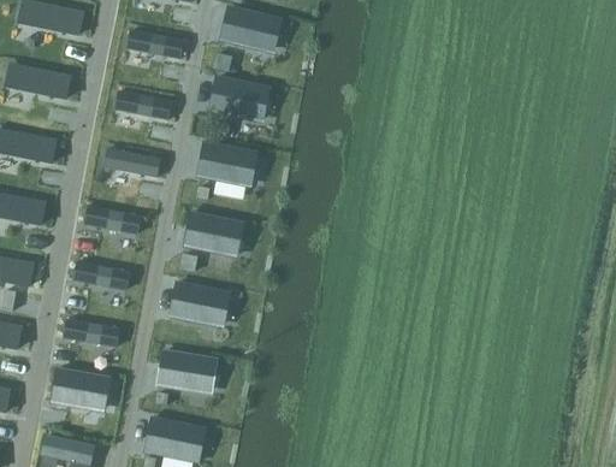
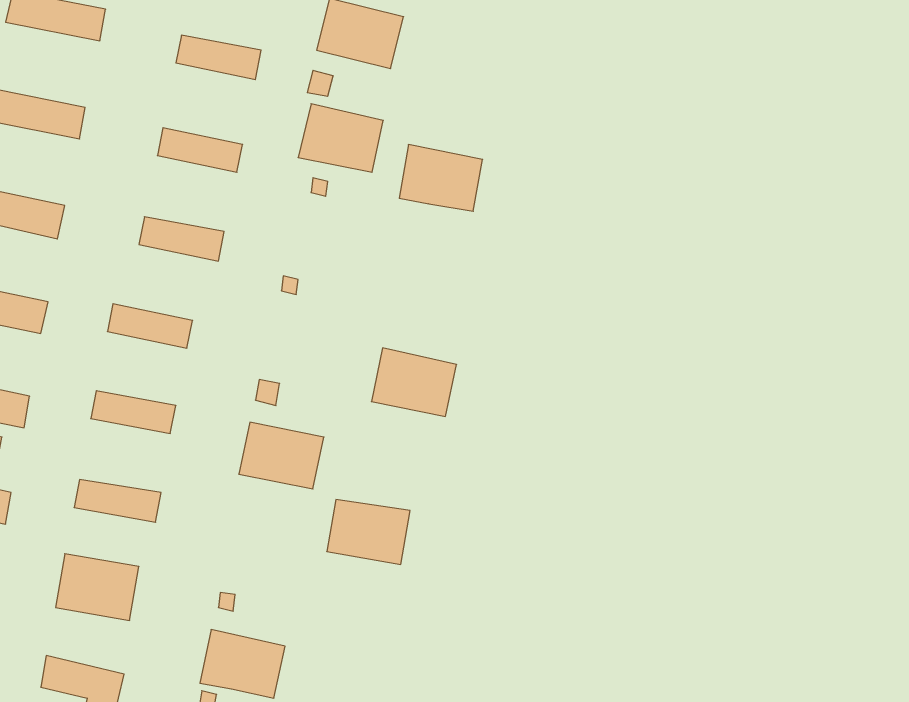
building: [197,141,251,184] -> [399,145,483,211]
building: [184,211,239,255] -> [371,348,457,416]
building: [156,350,211,392] -> [327,500,410,564]

